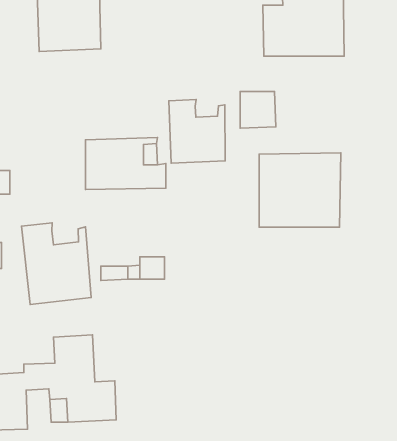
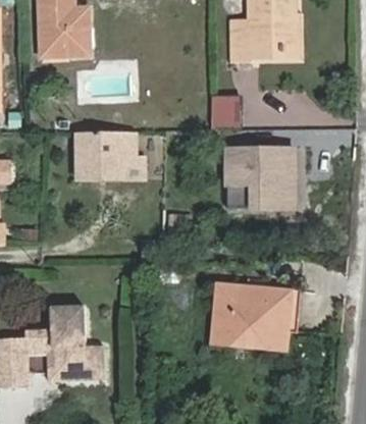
building: [169,100,225,163] -> none
building: [22,223,91,305] -> none
building: none -> [212,282,294,351]

